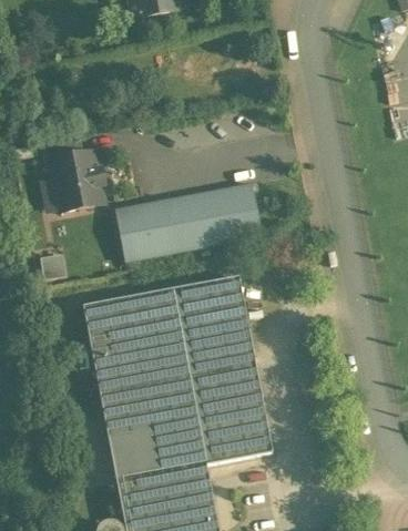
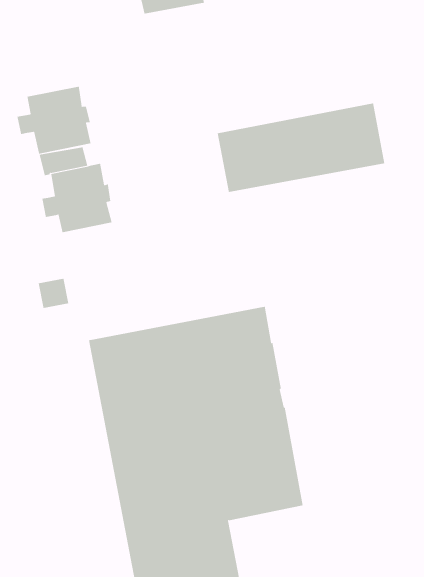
building: none -> [17,86,91,154]
building: [114,182,262,261] -> [217,103,385,192]

